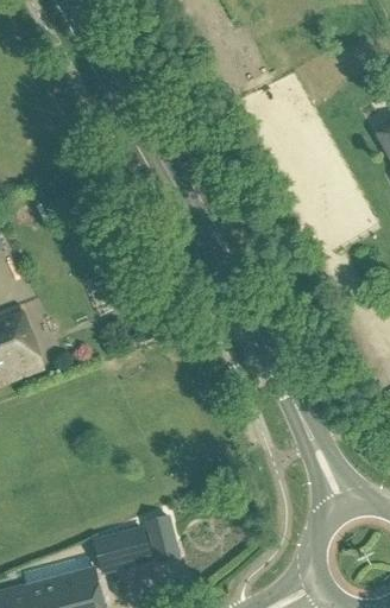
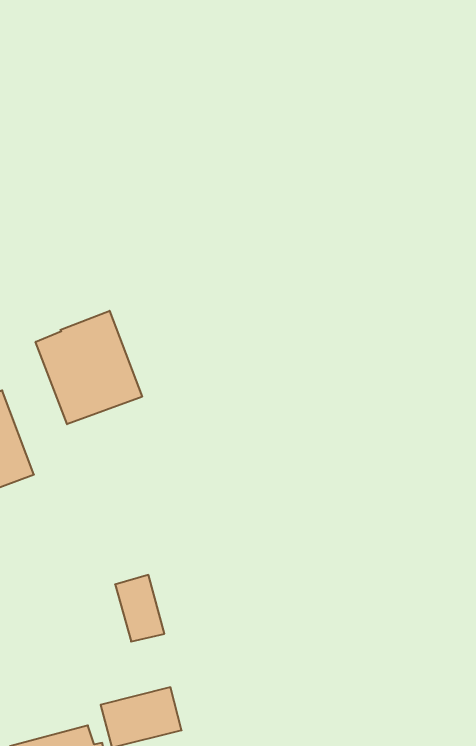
building: none -> [36,311,142,424]
building: [141,515,178,565] -> [115,575,164,642]

